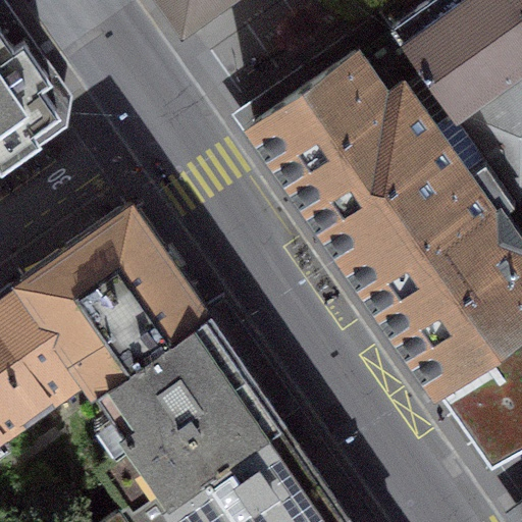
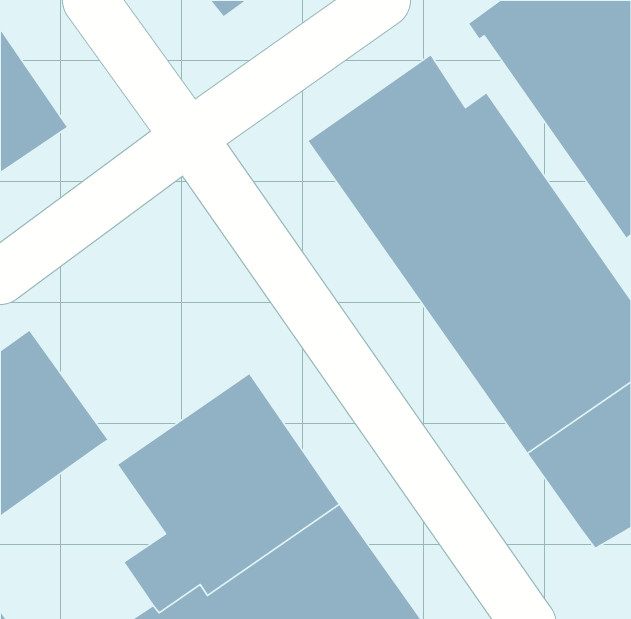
building: [24,208,206,394] -> none

